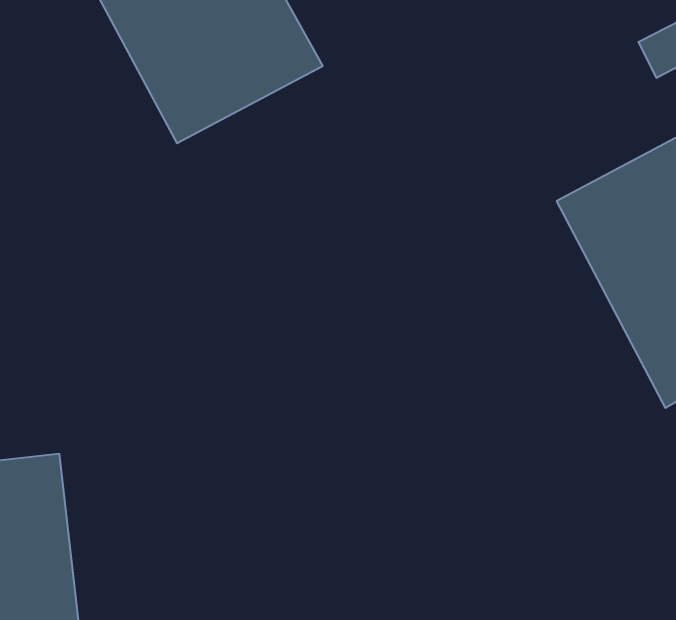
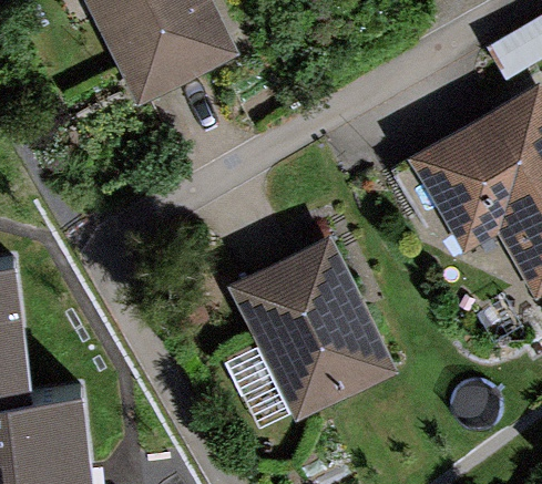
building: none -> [224,226,395,414]

